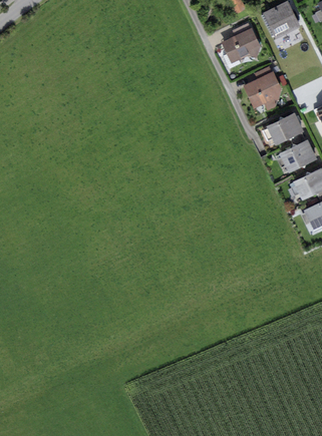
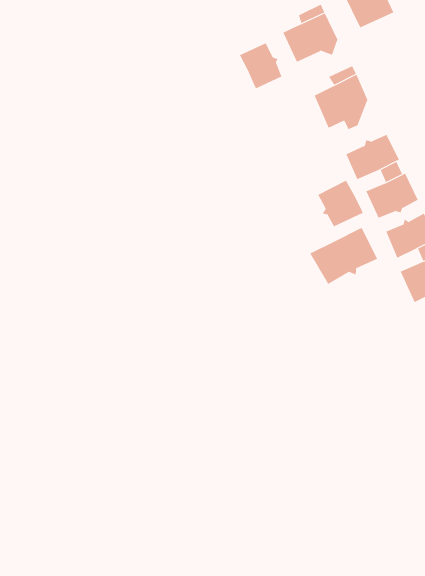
building: none -> [239,43,282,89]
building: none -> [317,180,364,227]
building: none -> [310,227,378,285]

